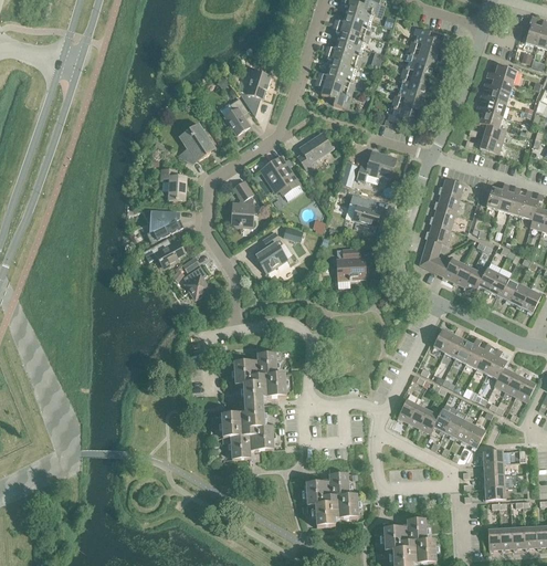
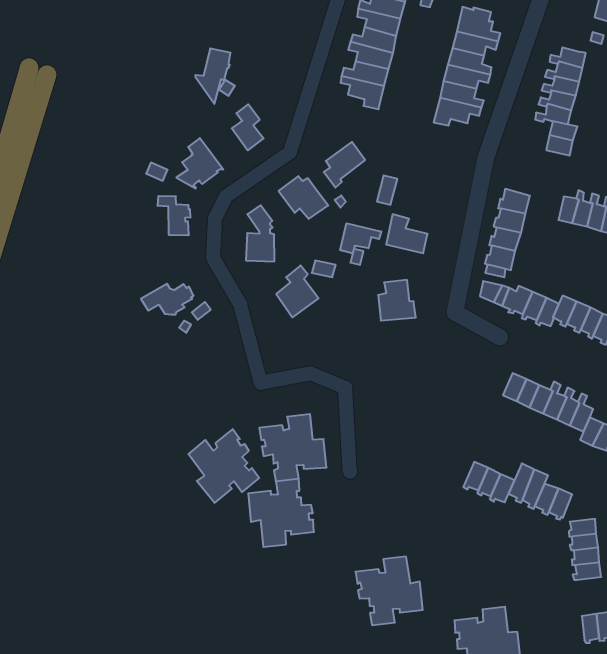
building: [240,70,270,115] -> [195,48,231,104]
building: [356,149,396,179] -> none
building: none -> [340,223,381,253]
building: [147,209,182,241] -> none
building: [183,265,209,297] -> none
building: none -> [188,429,259,503]

